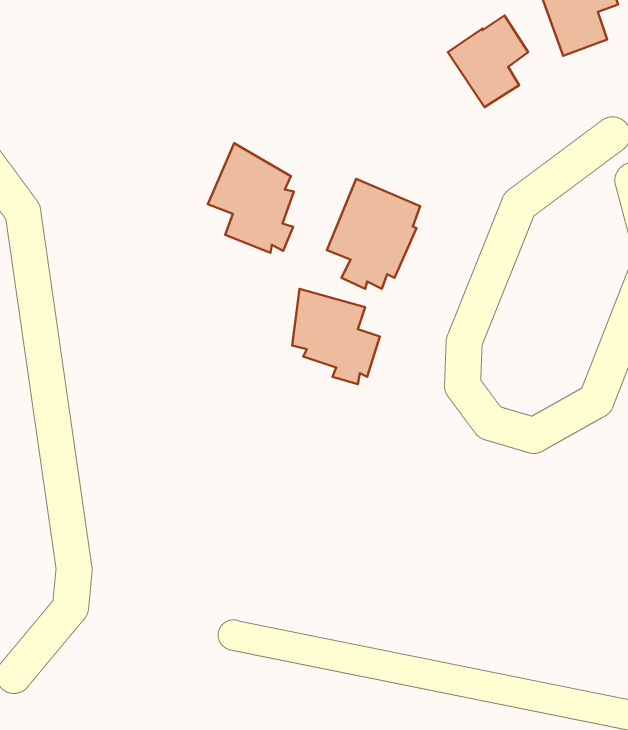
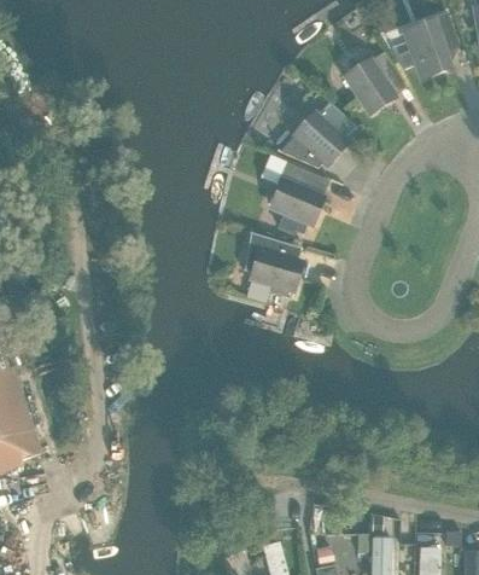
building: none -> [290,104,352,168]
building: [208,143,294,253] -> none

